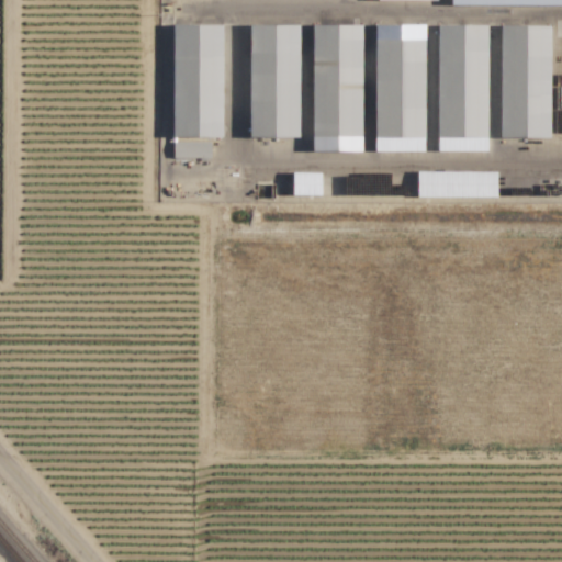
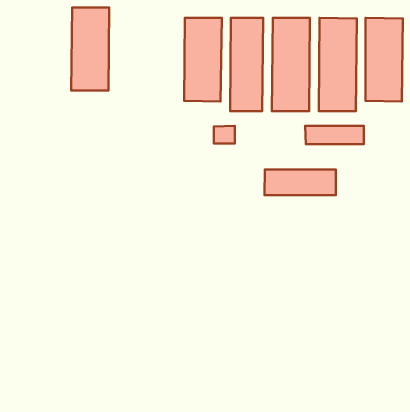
building: [176,24,227,137] -> [71,8,109,91]
building: [177,142,214,158] -> none
building: none -> [265,169,336,195]

